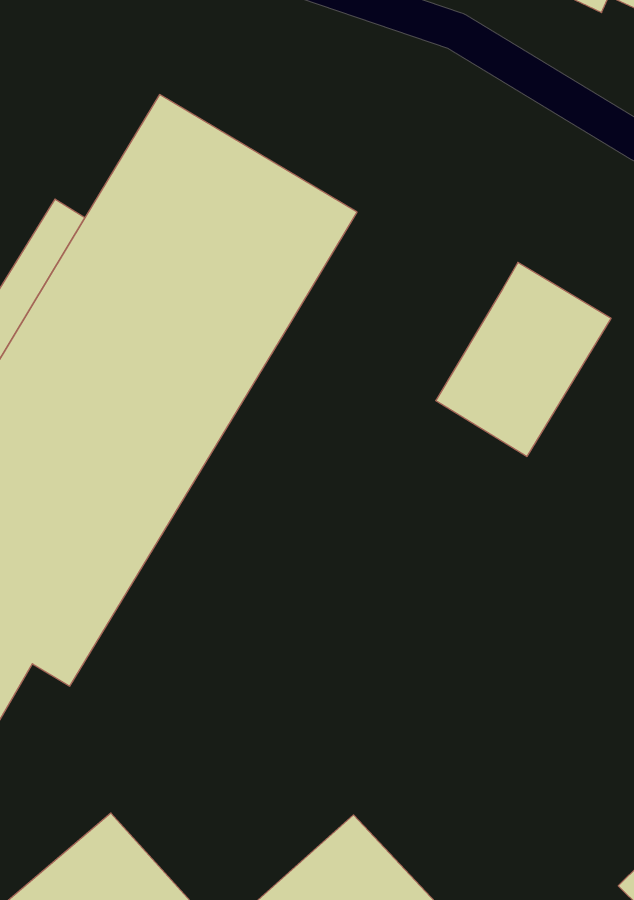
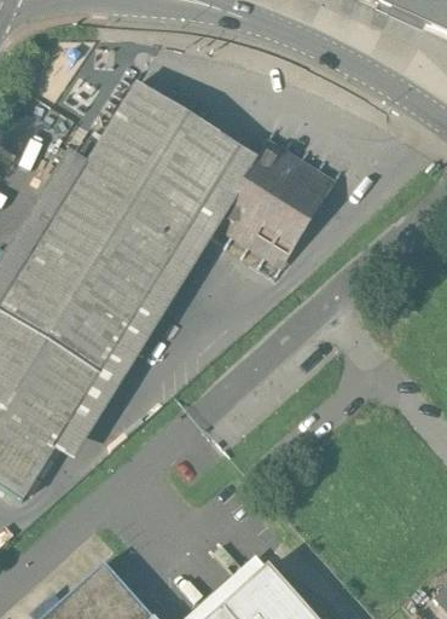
building: [436,262,611,456] -> [220,143,333,268]

